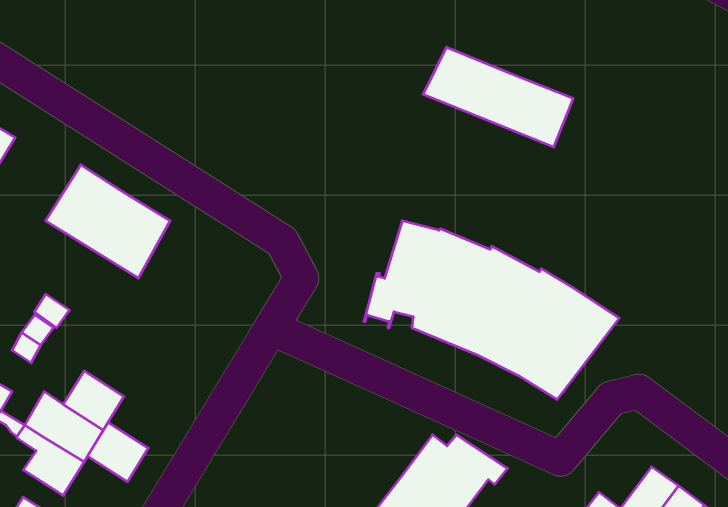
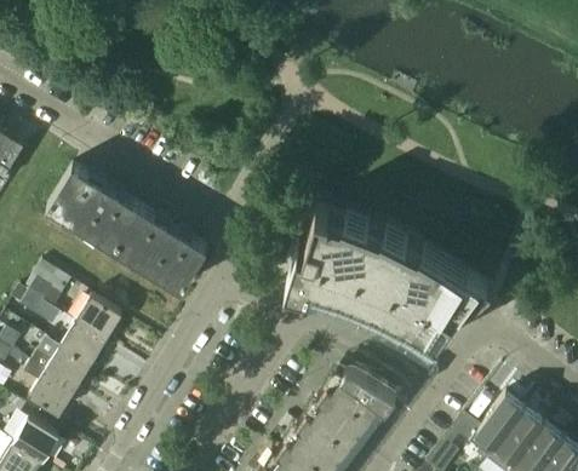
building: [423,47,573,147] -> none
building: none -> [118,209,208,293]
building: [88,423,148,482] -> [76,298,122,343]

